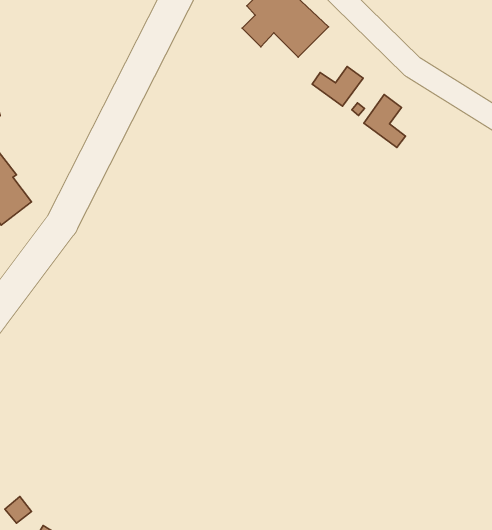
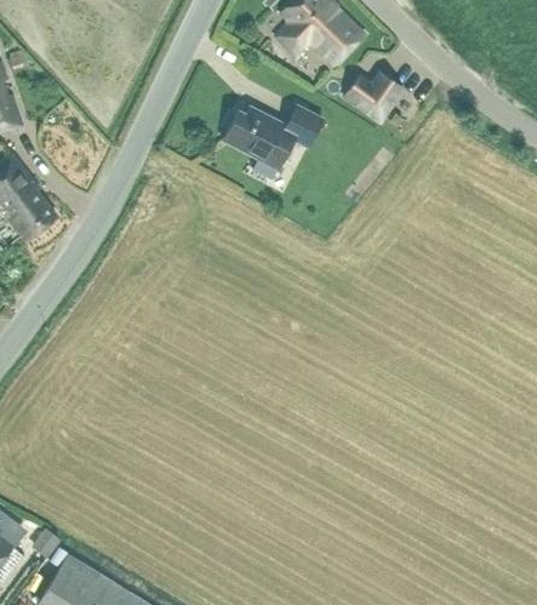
building: none -> [223,105,322,169]
building: [364,95,406,147] -> none

